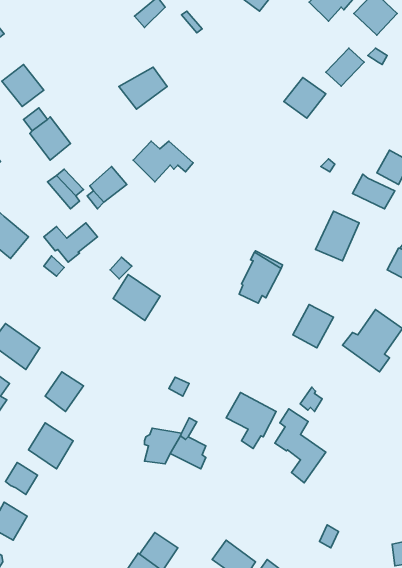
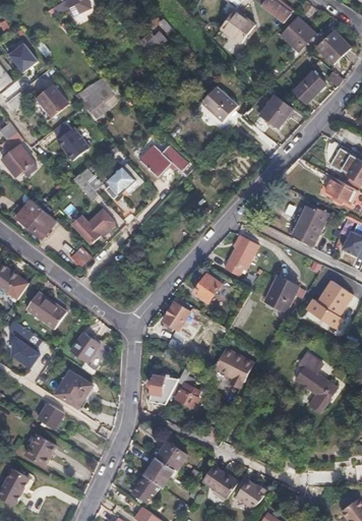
building: none -> [198,85,237,127]
building: [119,67,167,109] -> [73,77,112,111]
building: [113,274,160,320] -> [163,301,200,338]
building: none -> [193,274,221,302]
building: [275,409,326,483] -> [296,352,337,411]
building: none -> [157,442,187,470]

